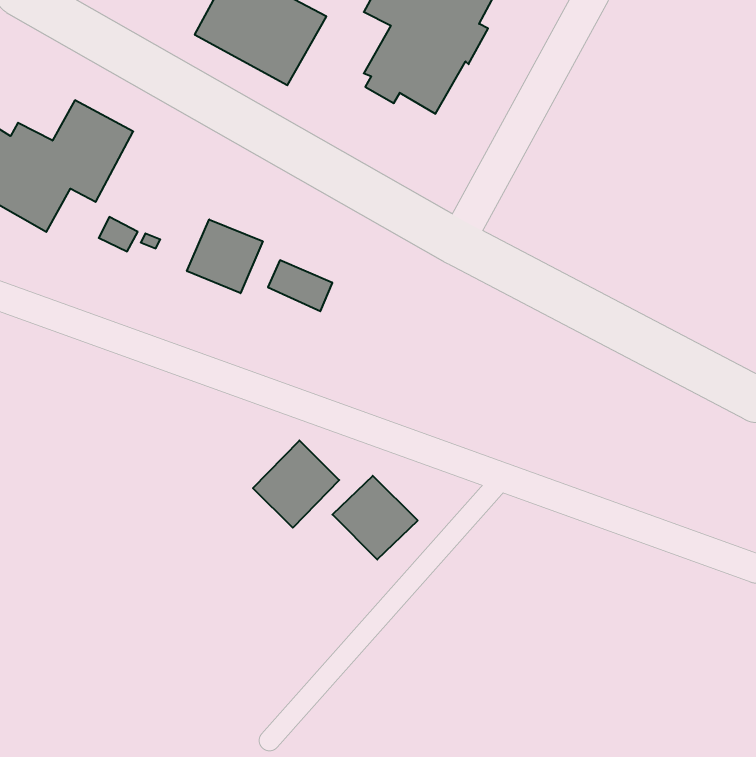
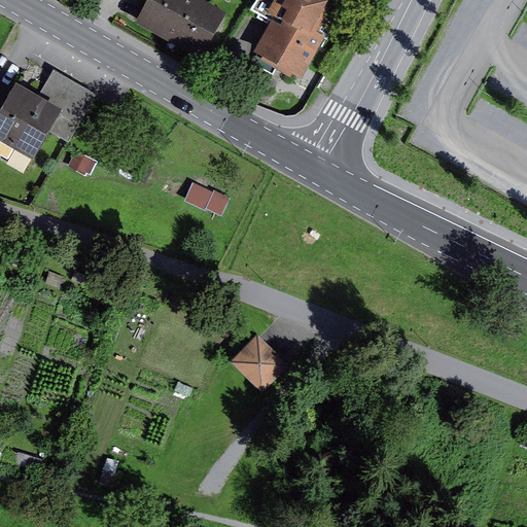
building: [187,219,263,293] -> none
building: [253,440,339,528] -> none

